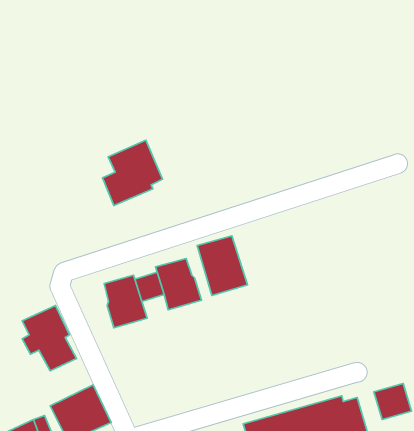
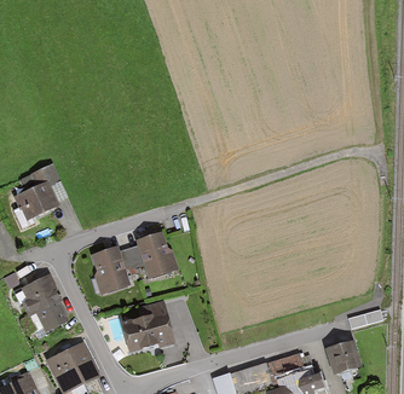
building: [103,140,162,206] -> [15,162,67,219]
building: [197,236,248,295] -> none
building: none -> [125,301,174,349]

